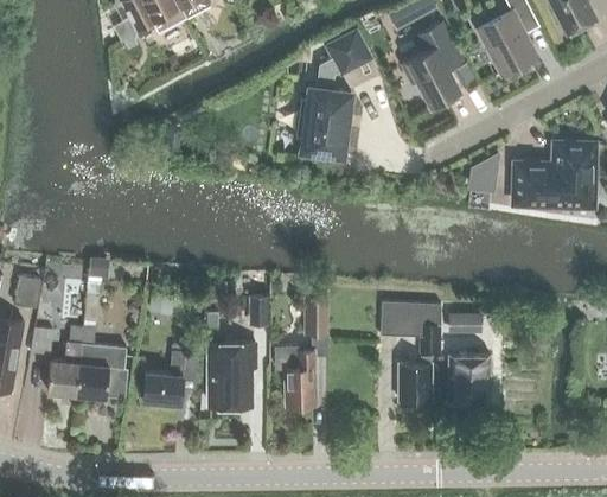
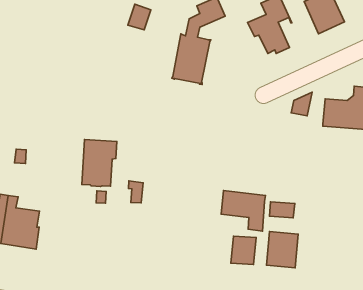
building: none -> [128,4,151,30]
building: [305,297,327,333] -> none
building: [210,344,255,408] -> [82,140,117,186]
building: [276,346,315,407] -> none
building: [142,352,199,406] -> none

